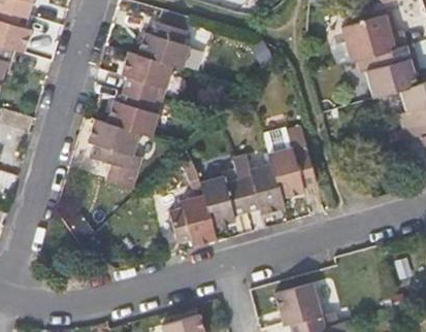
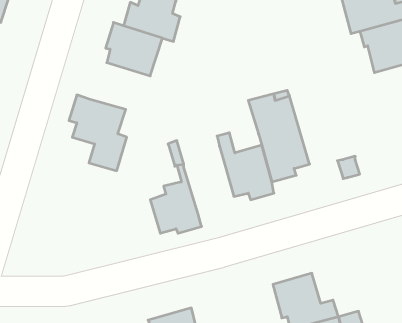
building: [107,88,163,135] -> none
building: [194,165,240,228] -> none

